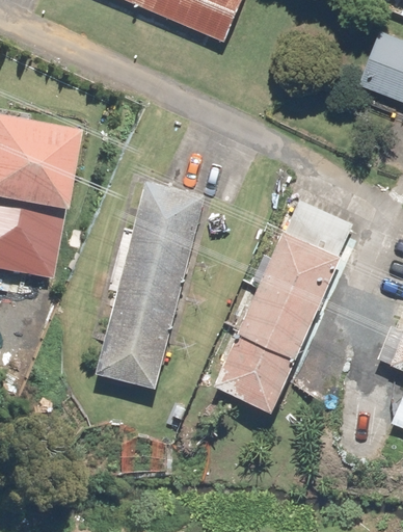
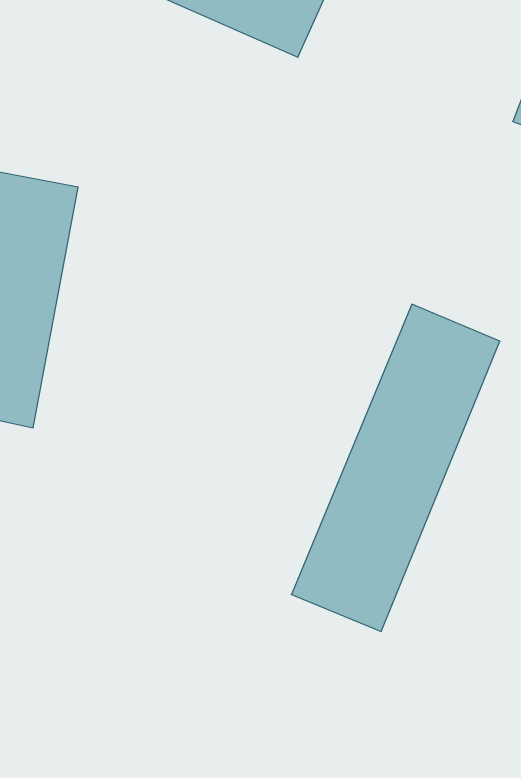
building: [100,185,205,382] -> none

